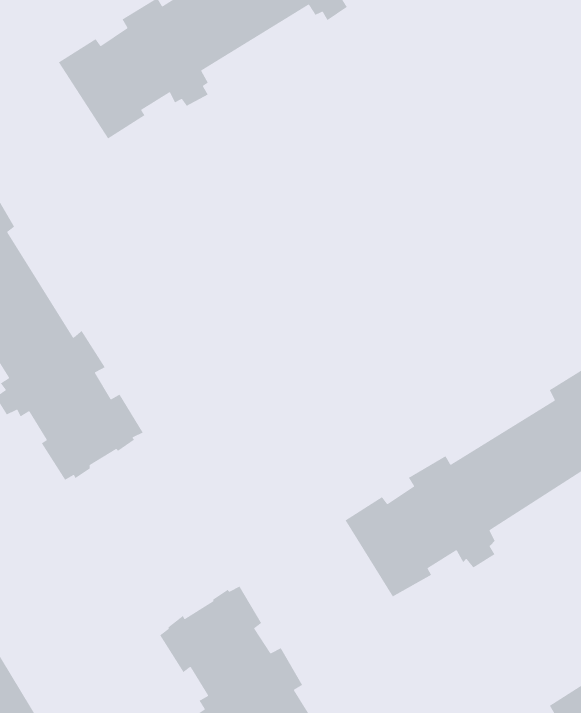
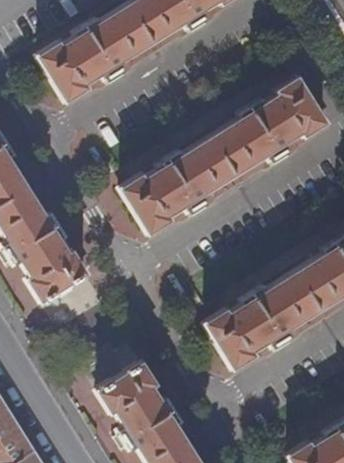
building: none -> [120,78,327,233]

